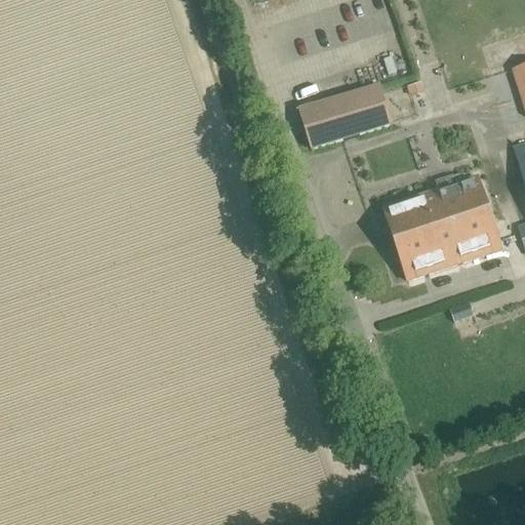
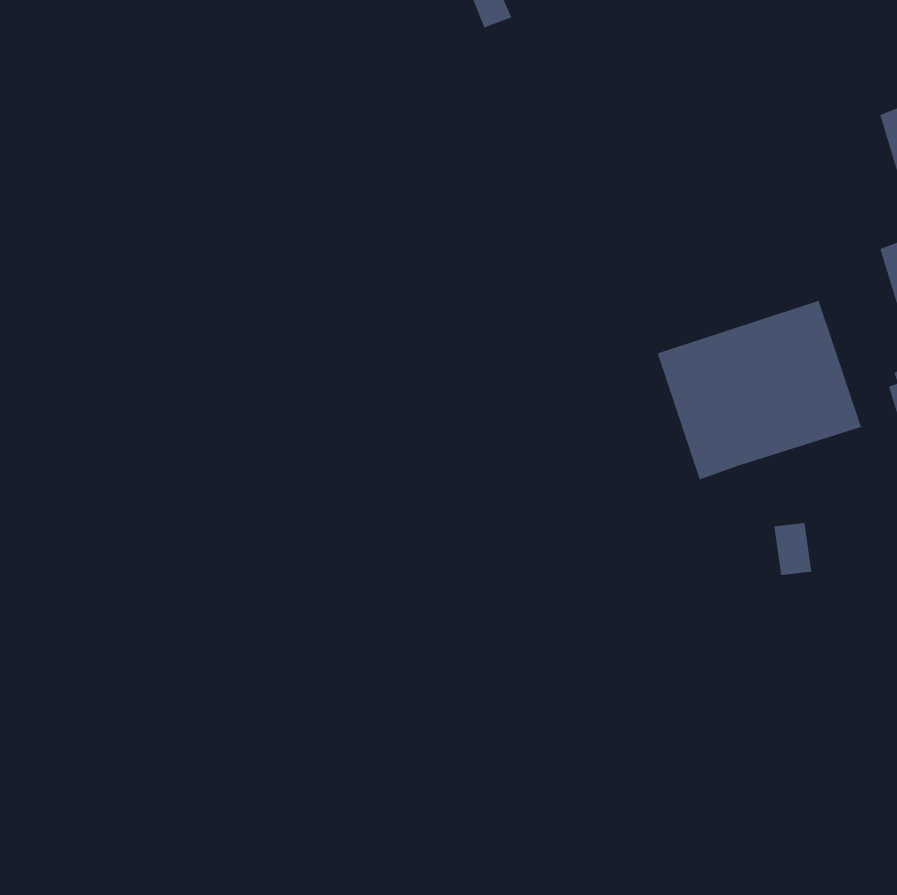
building: [299,82,393,147] -> none

